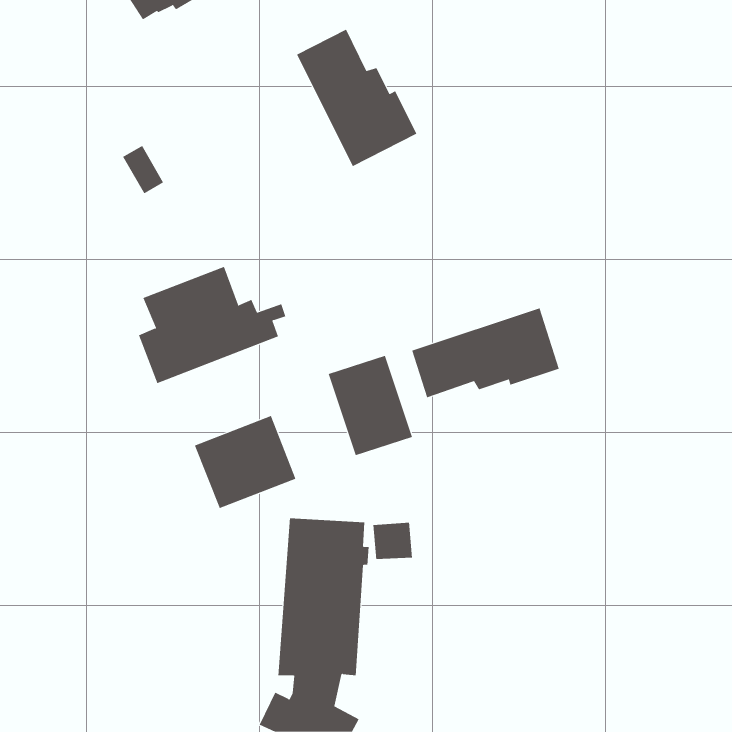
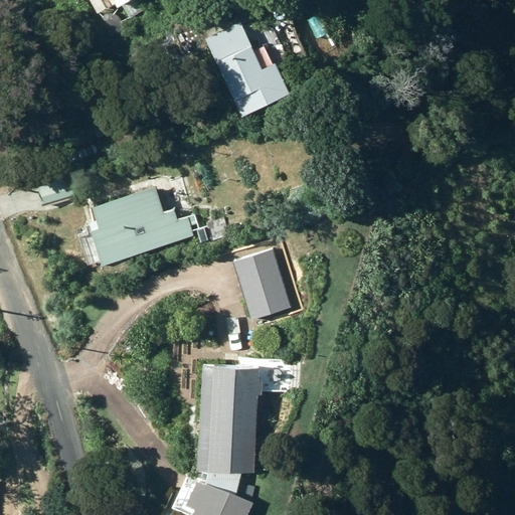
building: [412,308,560,398] -> none
building: [194,415,296,509] -> none

